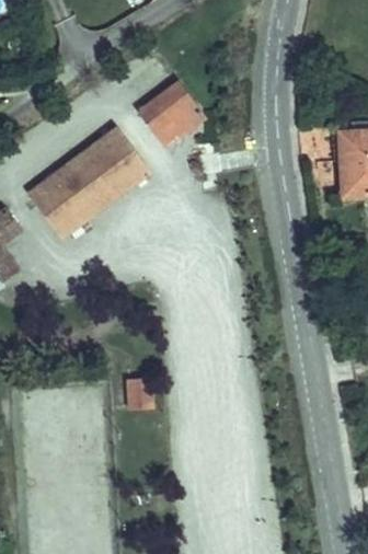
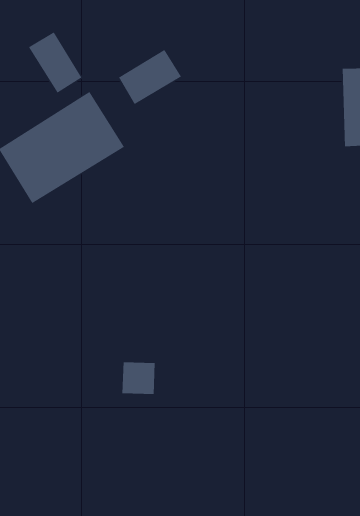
building: none -> [28,31,82,94]

